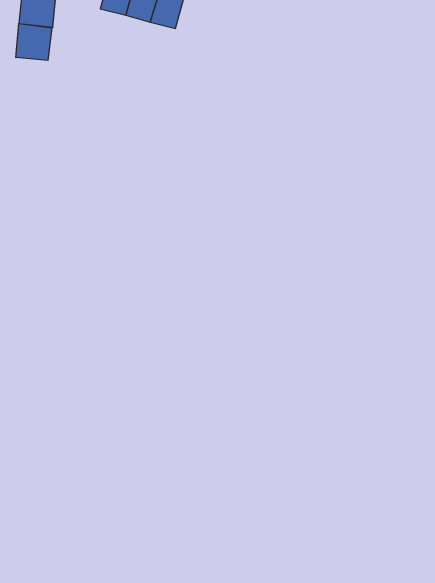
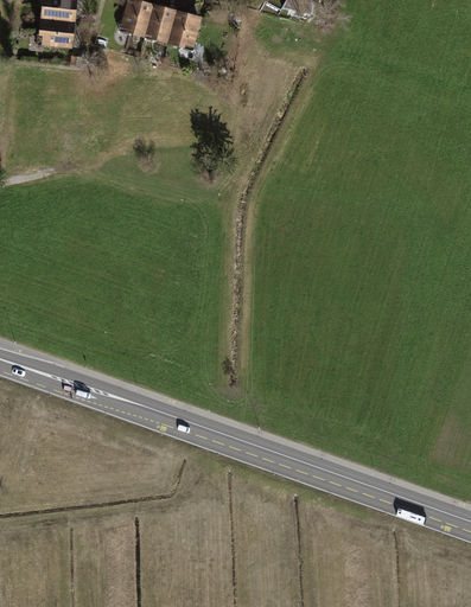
building: [16,24,52,60] -> none

